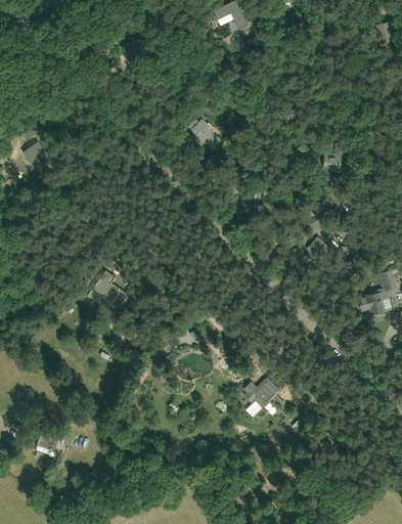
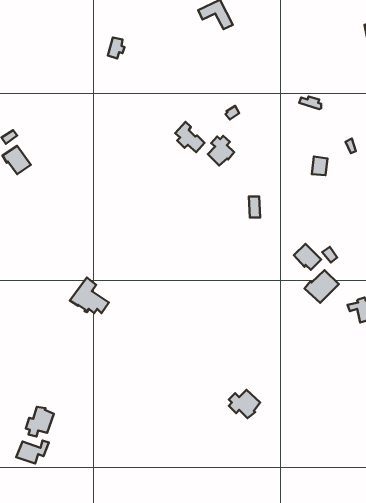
building: none -> [208,136,234,165]
building: none -> [305,270,339,303]
building: none -> [26,407,54,437]

